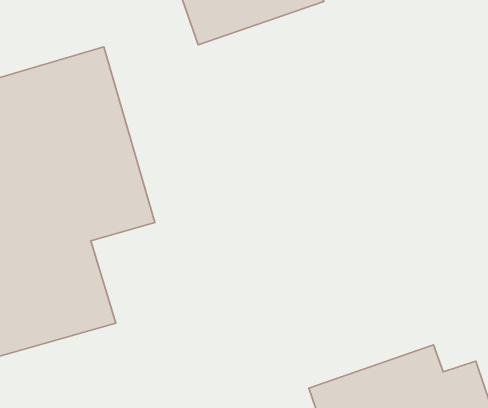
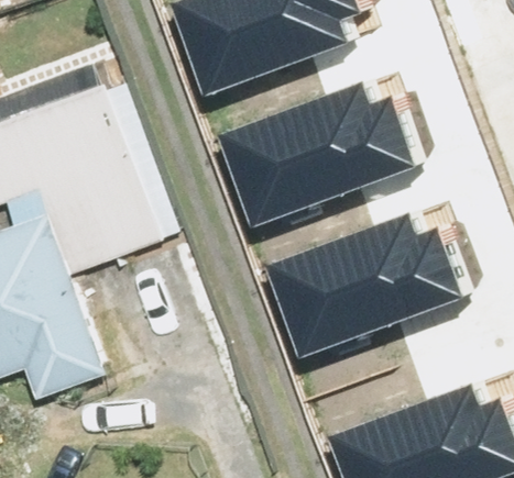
building: none -> [223,82,412,209]
building: none -> [273,221,462,347]

